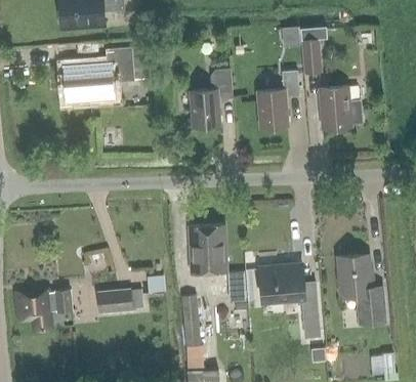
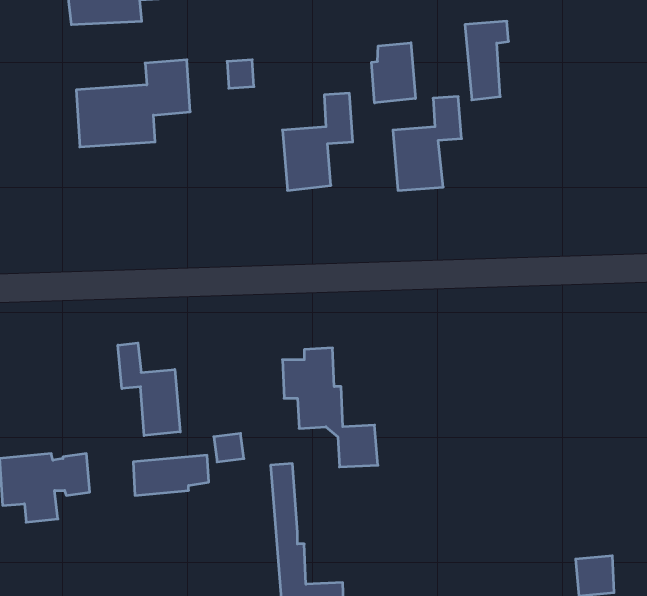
building: none -> [372,43,415,103]
building: [319,87,361,130] -> none
building: none -> [118,343,180,436]
building: [336,254,384,325] -> none
building: [257,266,320,338] -> none

